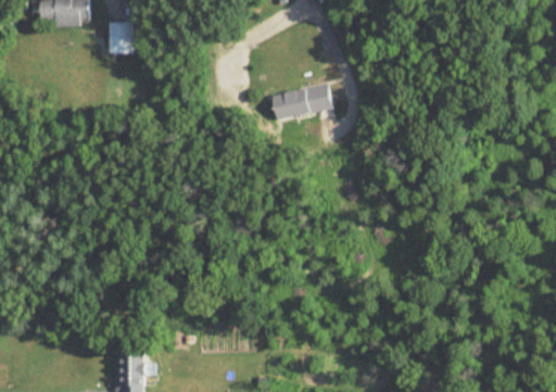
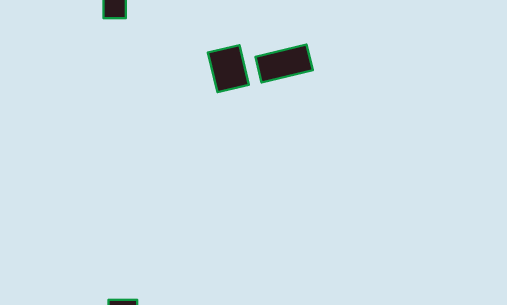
building: none -> [208,45,249,92]

